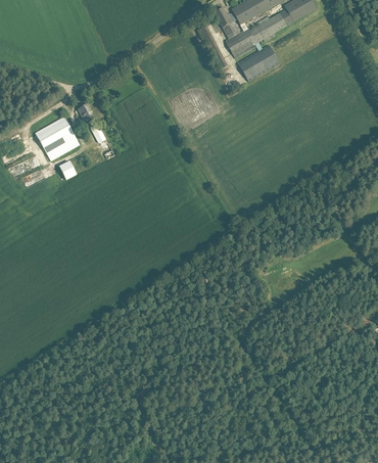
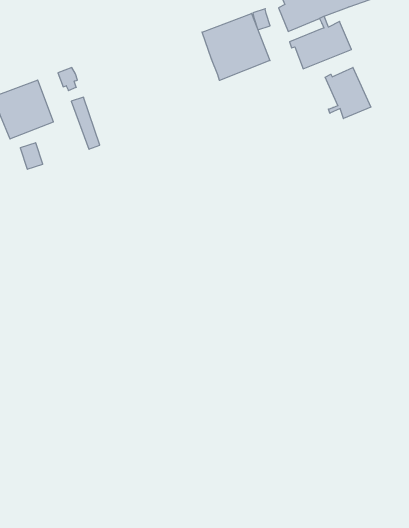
building: none -> [202,13,270,80]
building: none -> [325,67,371,119]

